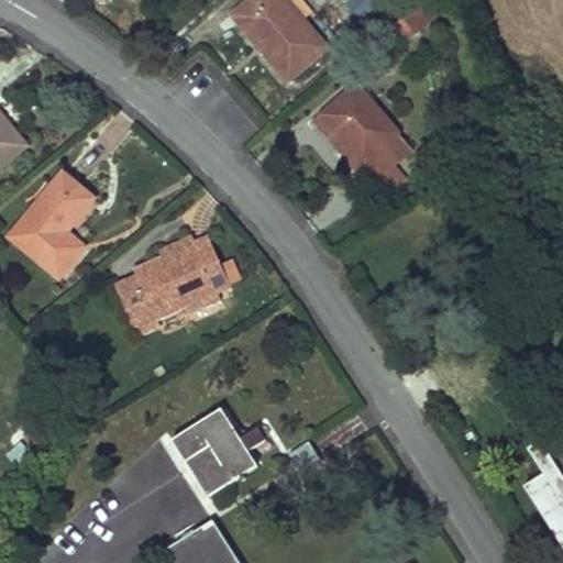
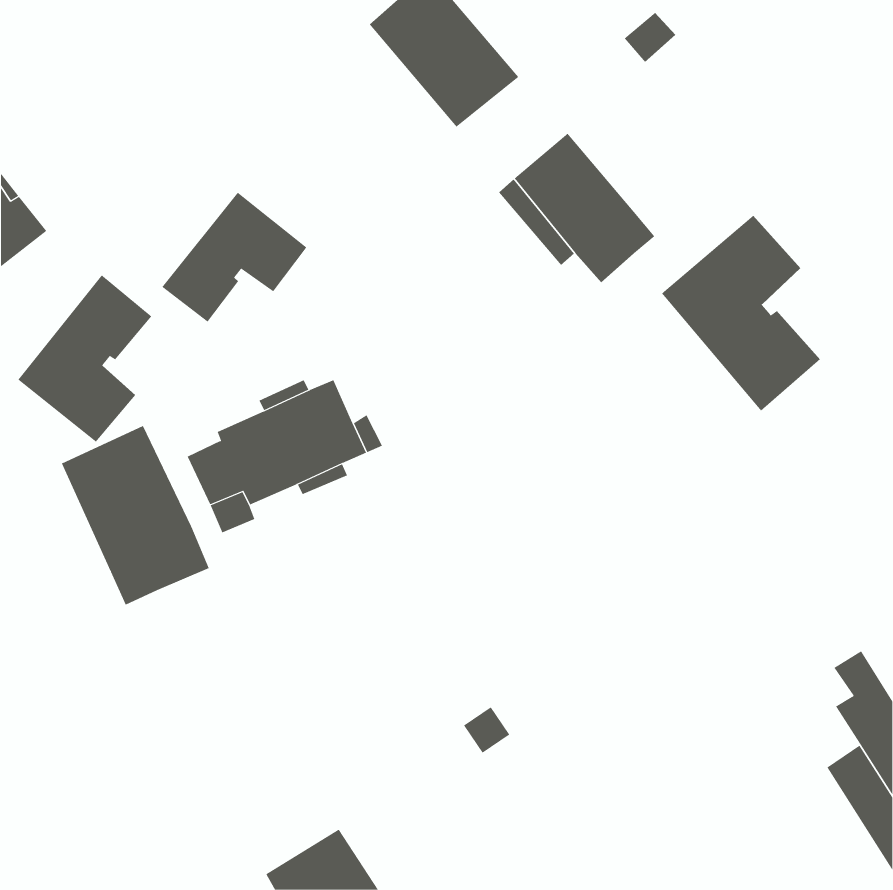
building: none -> [162,192,307,323]
building: none -> [661,215,821,412]
building: none -> [61,425,210,606]
building: [167,411,256,497] -> none

